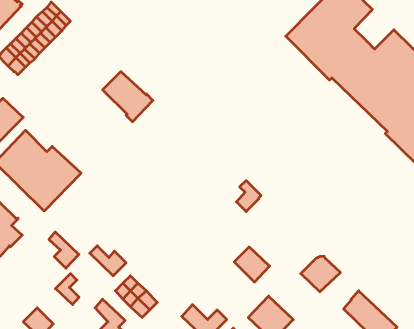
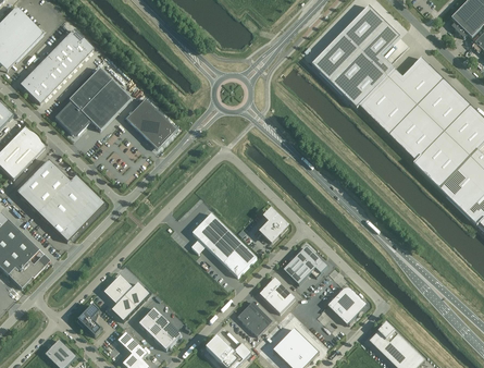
building: none -> [54,66,129,133]
building: none -> [191,212,256,275]
building: none -> [283,245,326,283]
building: [49,232,79,268] -> [106,283,136,320]
building: none -> [236,299,272,334]

